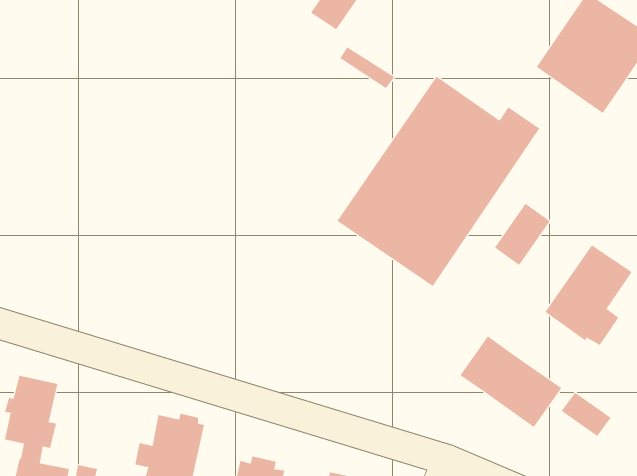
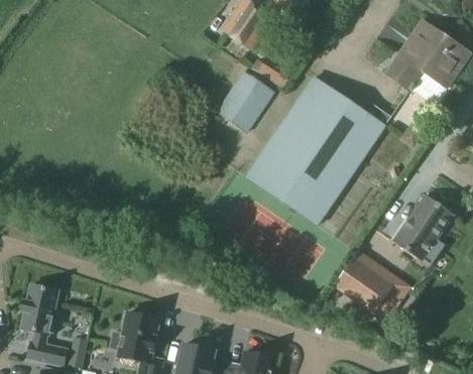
building: none -> [217,70,274,130]
building: [494,203,550,266] -> none
building: [561,392,611,437] -> none

